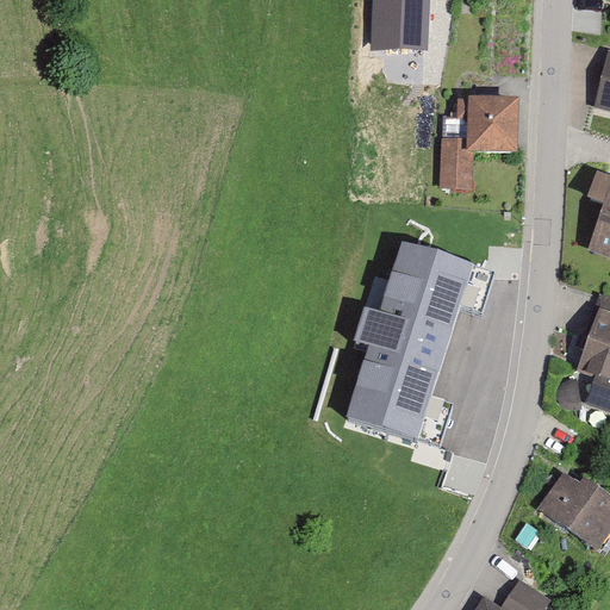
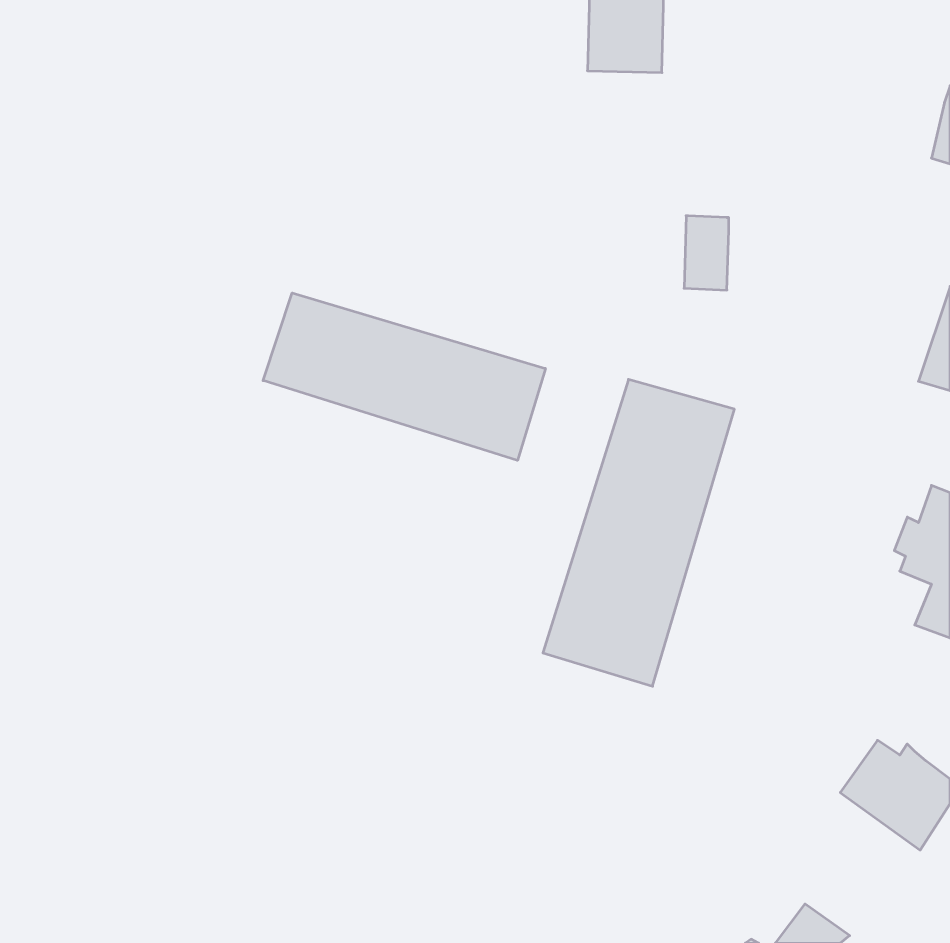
building: [441,100,511,149] -> none
building: none -> [263,293,545,460]

